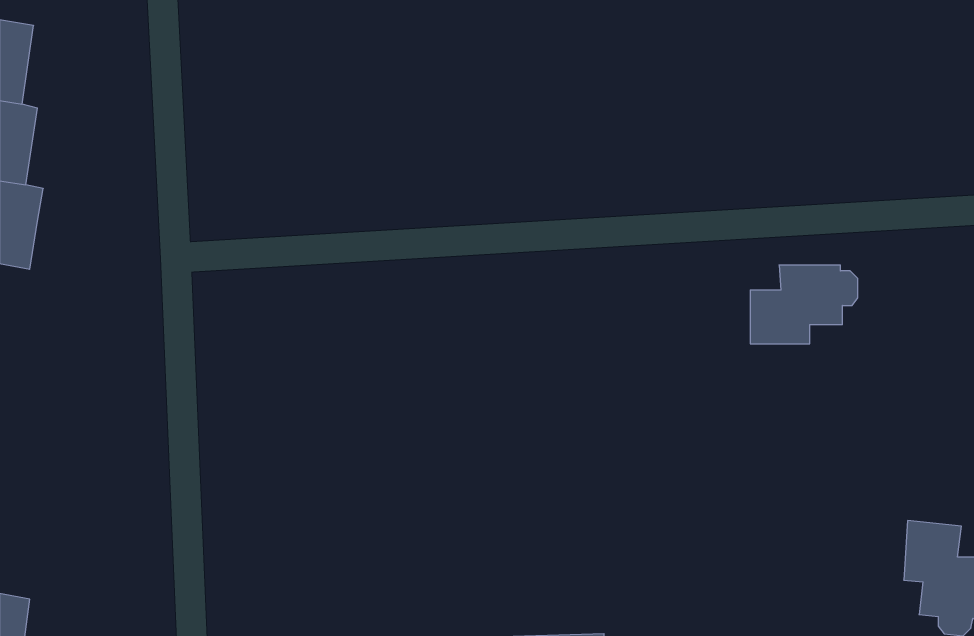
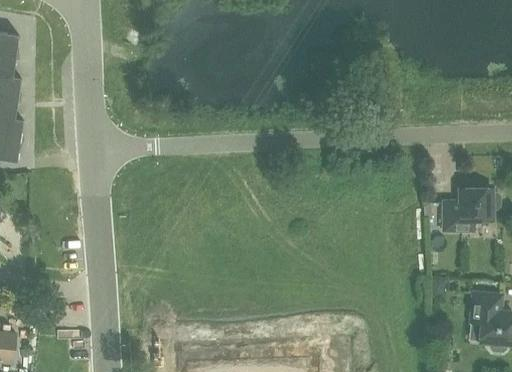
building: [750,265,858,344] -> [444,190,500,231]

